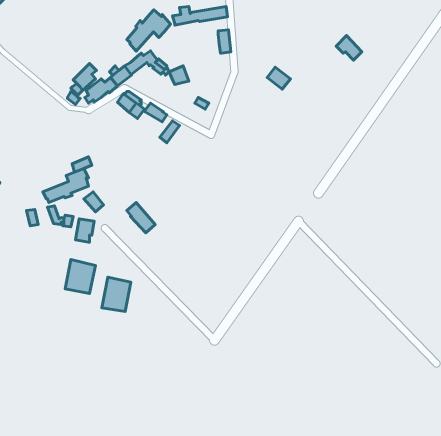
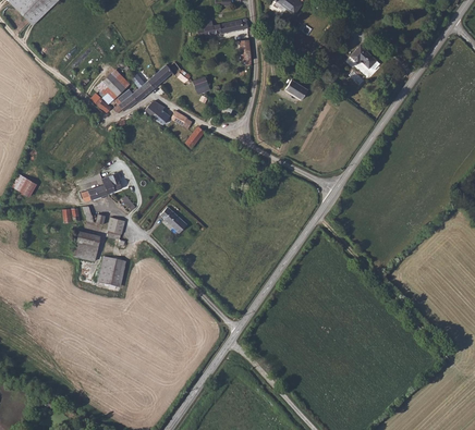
building: [127,10,171,51] -> none
building: none -> [72,231,99,261]
building: [102,277,131,311] -> none

